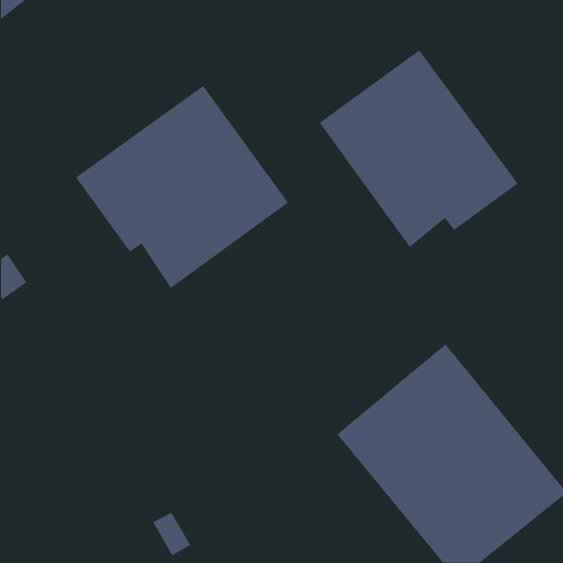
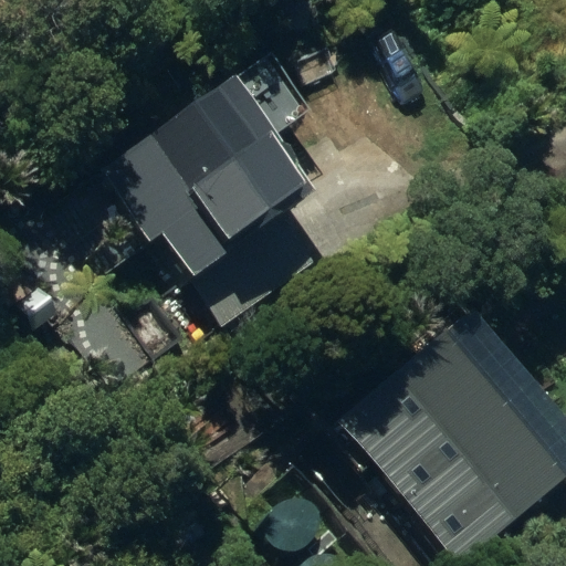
building: [319,49,518,248] -> none

